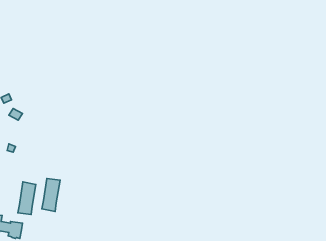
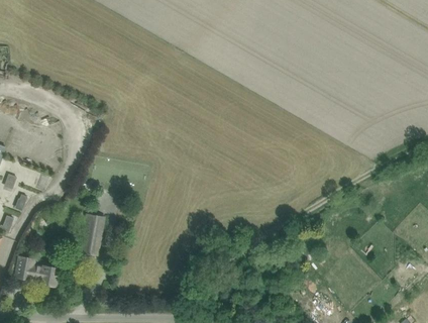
building: [18,182,36,215] -> none

